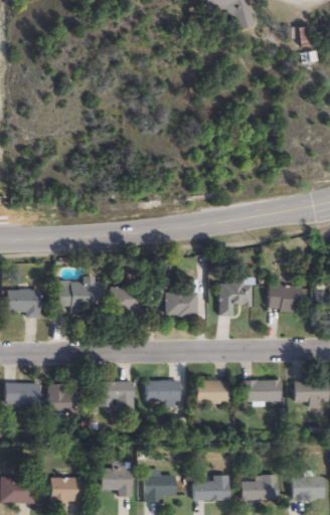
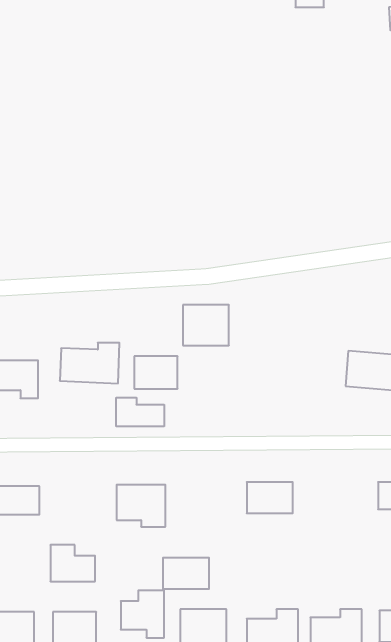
building: [218,281,254,316] -> none
building: [165,286,199,316] -> [183,305,229,345]
building: none -> [116,398,164,426]
building: [146,380,180,403] -> [163,558,209,589]
building: [239,380,280,402] -> none
building: [48,384,81,411] -> [50,545,95,581]

